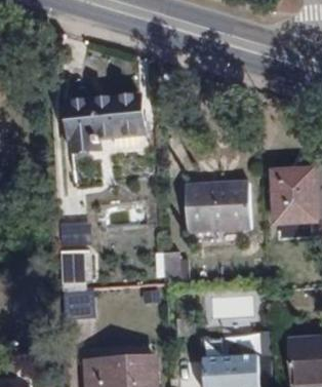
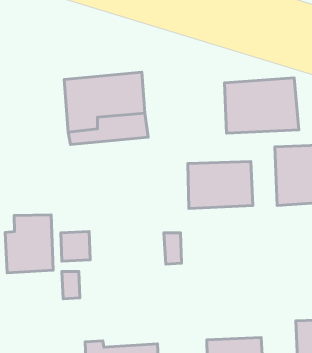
building: none -> [225,78,299,133]
building: none -> [5,215,53,273]

